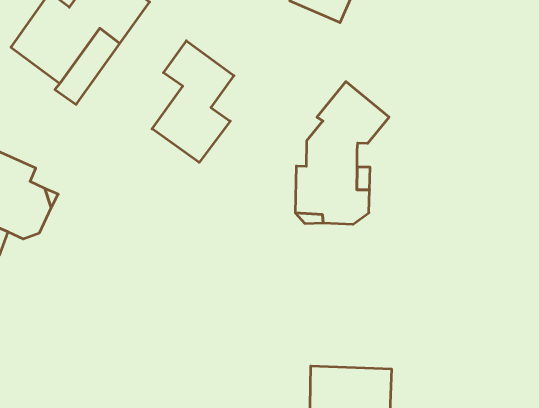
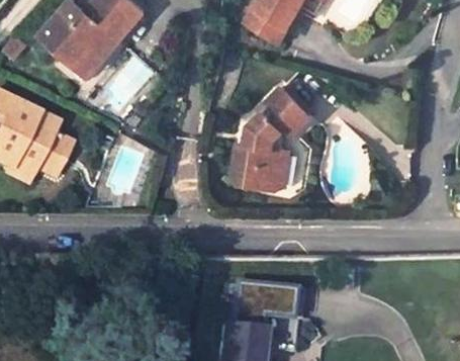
building: [152,41,234,162] -> none

